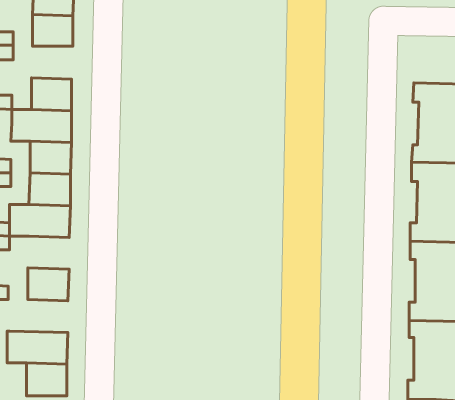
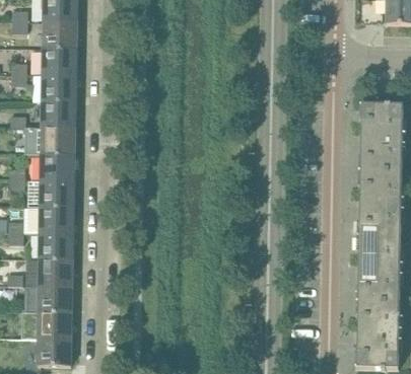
building: none -> [41,74,75,101]
building: none -> [38,232,72,259]
building: none -> [22,285,71,312]

